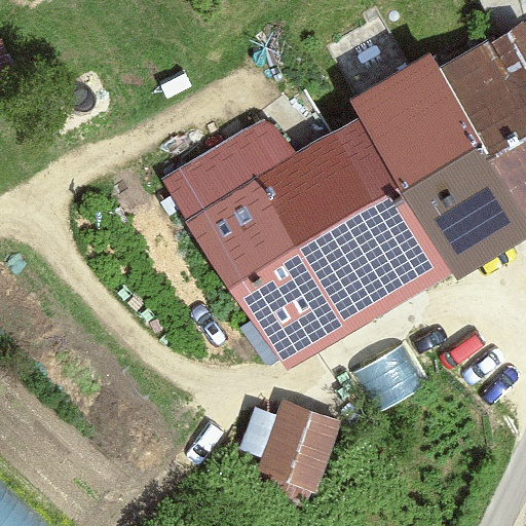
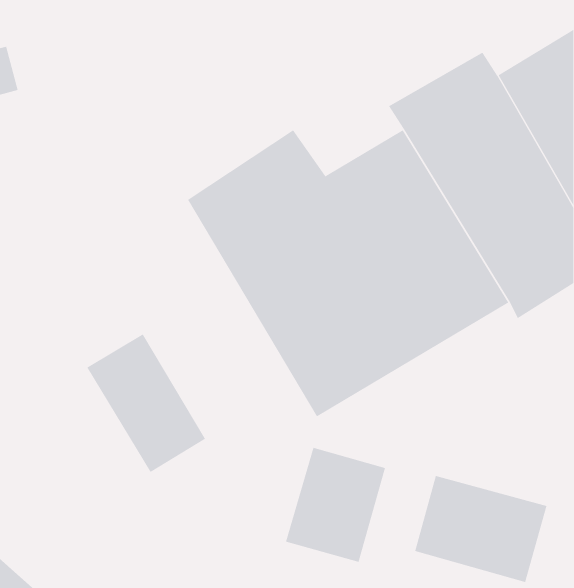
building: none -> [86,333,206,473]
building: none -> [414,475,547,583]

